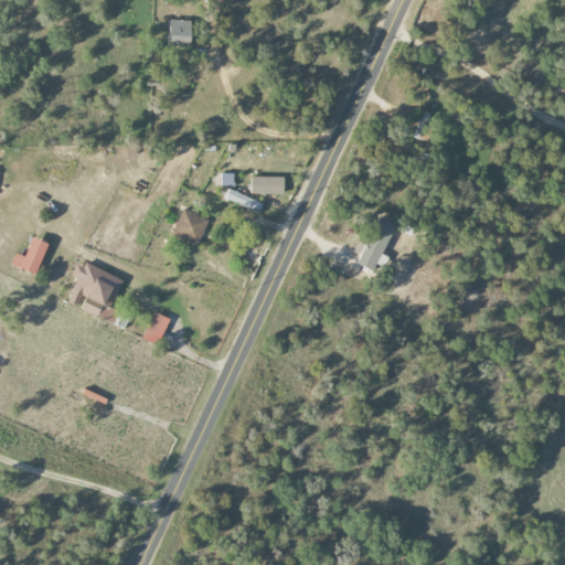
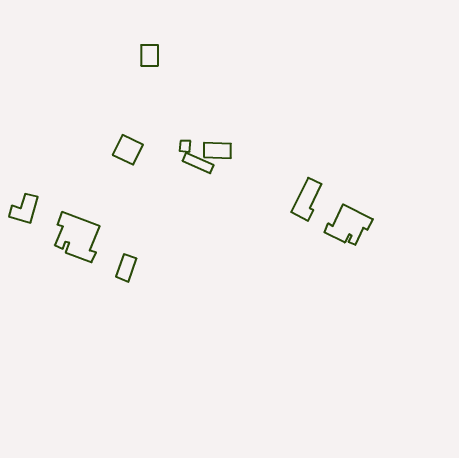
building: [170,20,191,45] -> [141,45,158,66]
building: [171,209,209,245] -> [113,135,143,165]
building: none -> [324,204,373,245]

